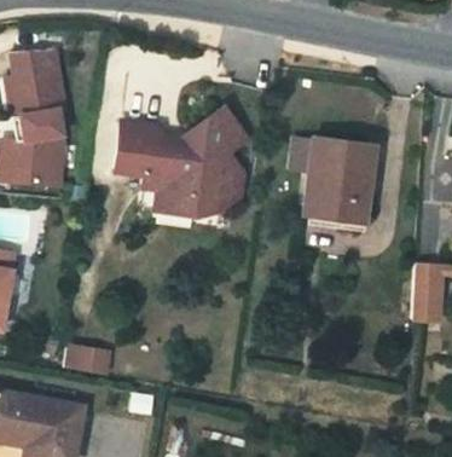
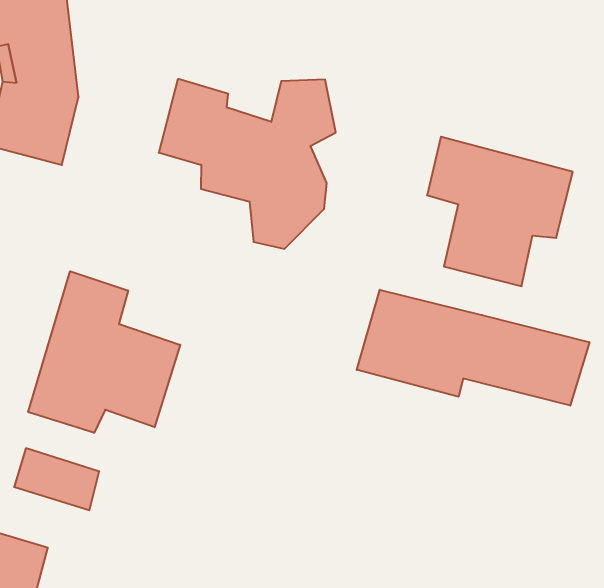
building: none -> [357,290,589,406]
building: none -> [28,271,180,433]

